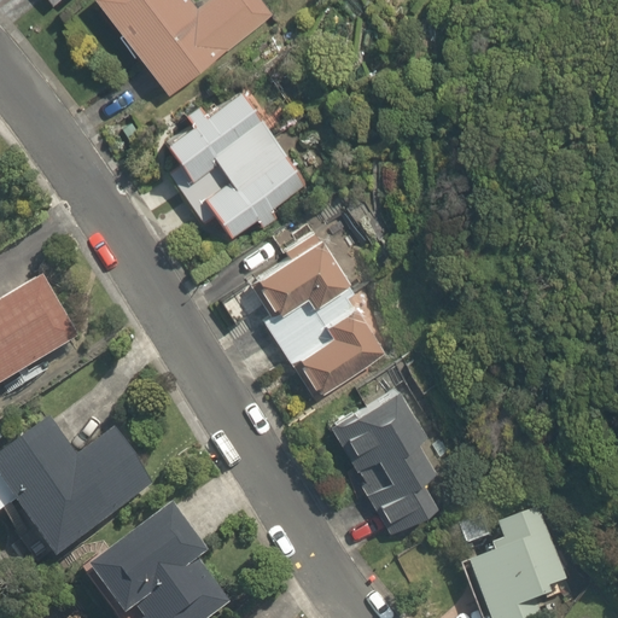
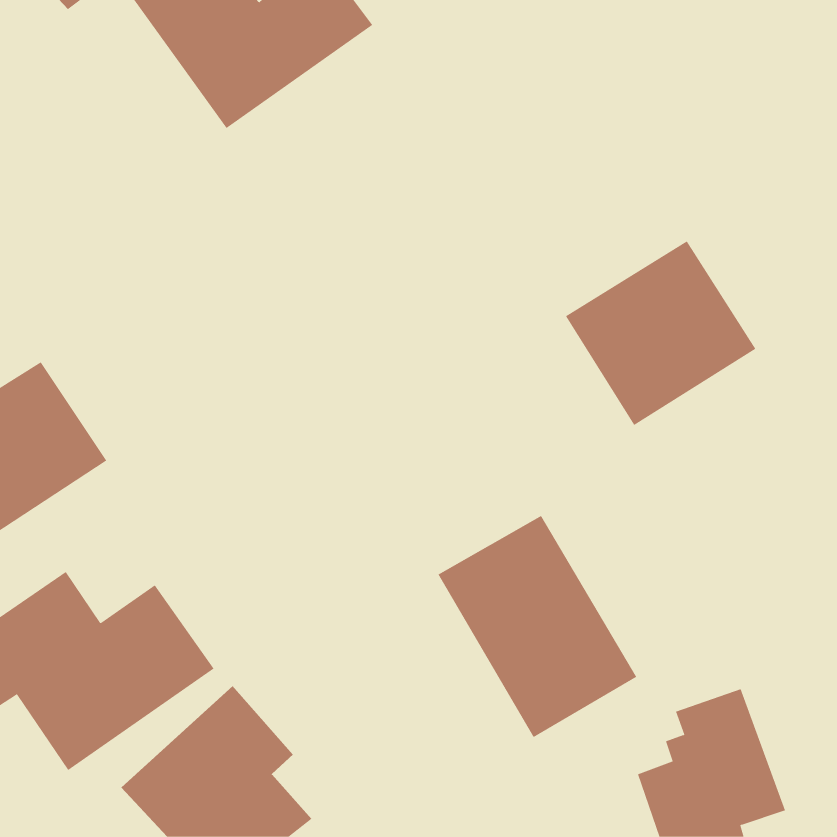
building: [157,76,307,239] -> none
building: none -> [565,240,756,426]
building: [246,212,384,398] -> none

